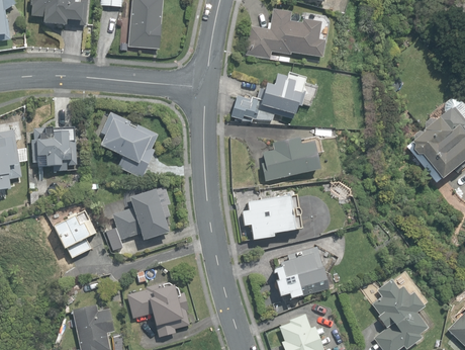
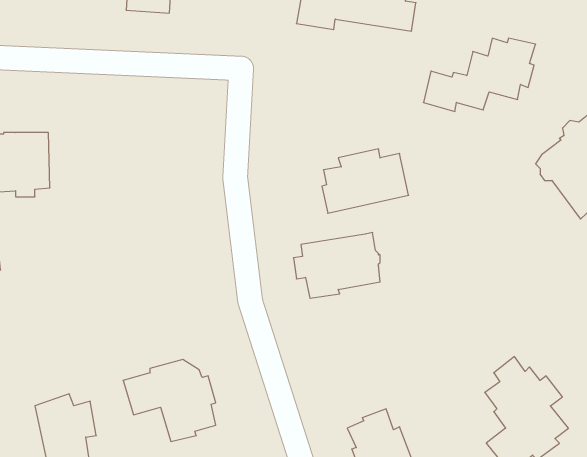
building: [231,73,307,122] -> [423,38,536,111]
building: [101,112,159,177] -> none
building: [113,189,170,240] -> none
building: [49,210,99,259] -> none
building: [274,248,327,298] -> none

